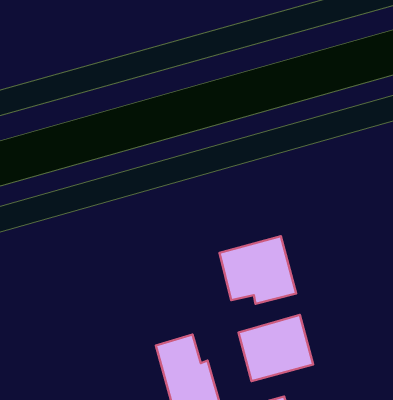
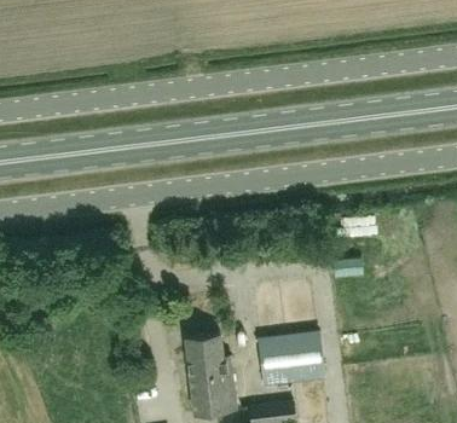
building: [219,236,296,304] -> none

